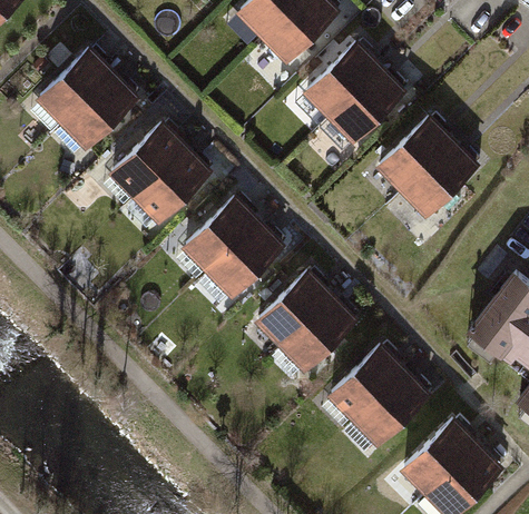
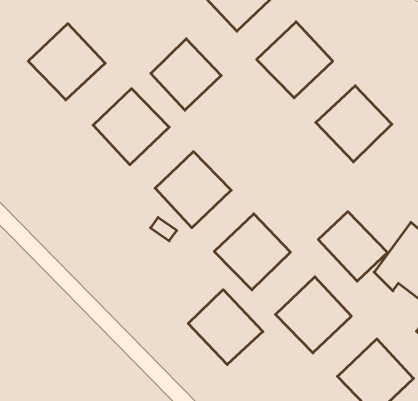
building: none -> [151,39,221,110]
building: none -> [318,212,387,281]
building: none -> [188,290,263,365]

